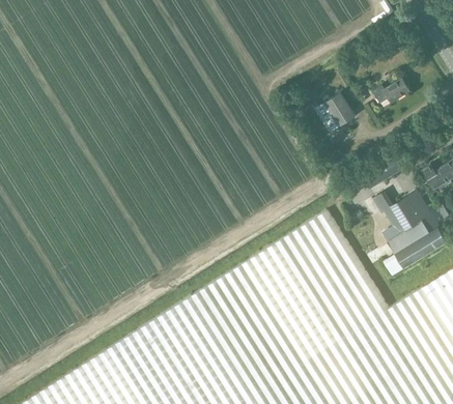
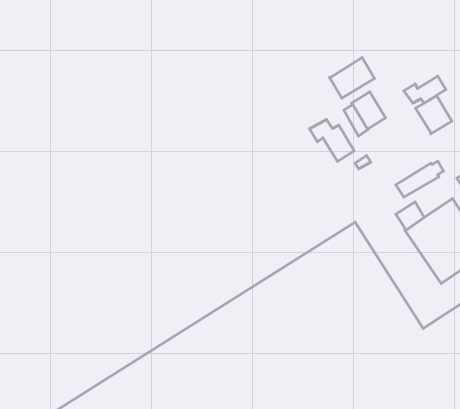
building: none -> [330,57,375,98]
building: none -> [416,96,452,134]
building: none -> [309,120,354,162]

